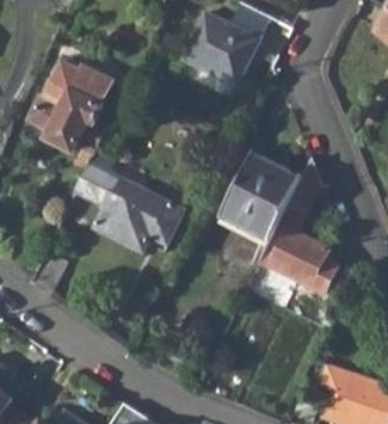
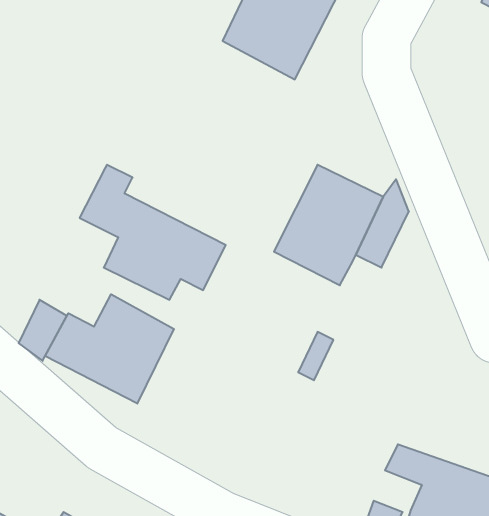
building: [29,61,111,153] -> none
building: [258,222,337,293] -> none
building: none -> [45,294,174,404]

